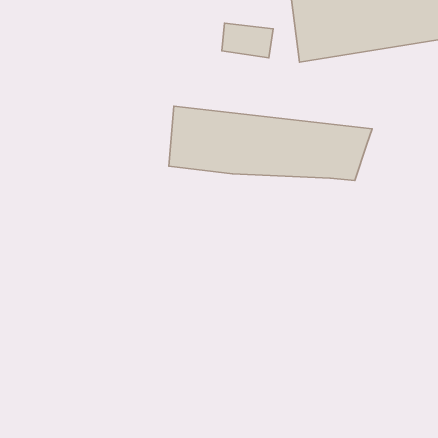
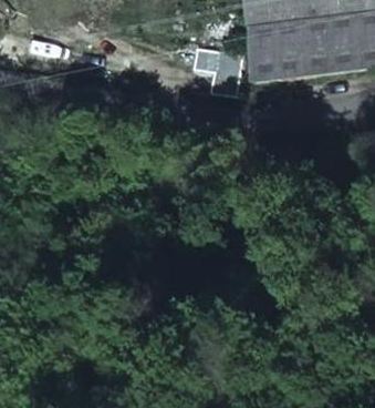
building: [169,106,372,181] -> none

